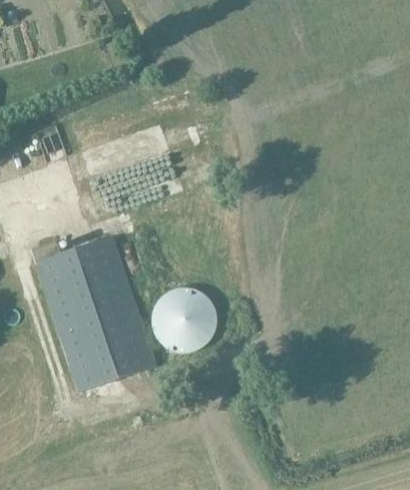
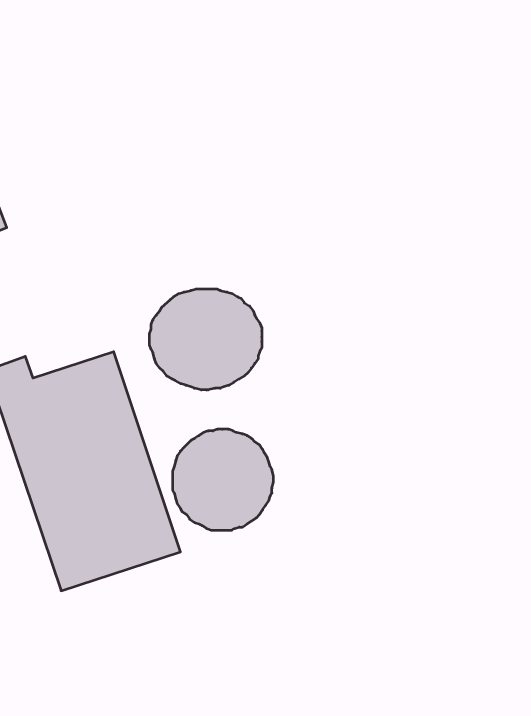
building: none -> [149,289,262,390]

